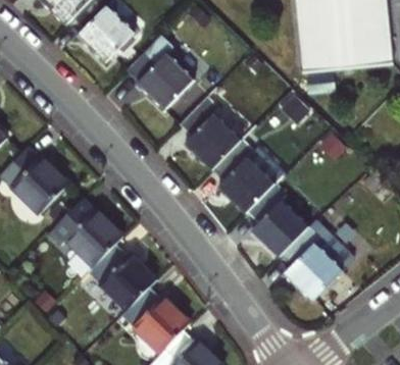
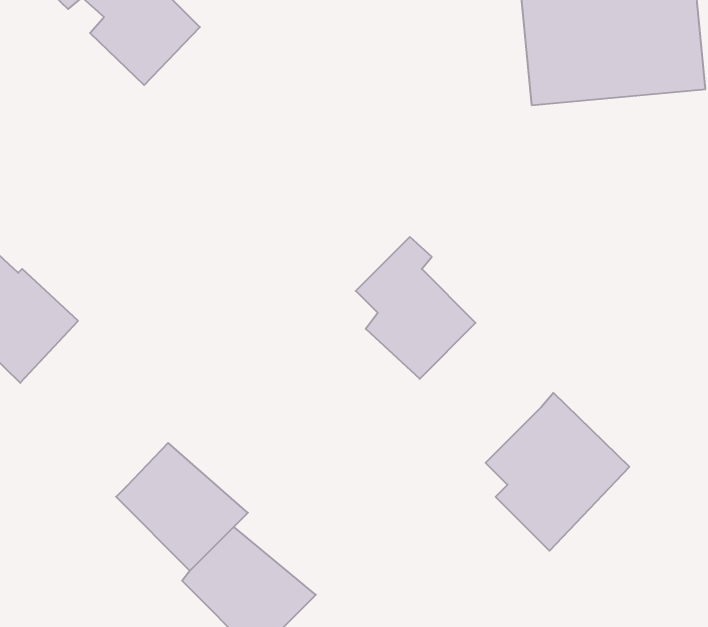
building: [127,35,194,109] -> none
building: [179,96,241,169] -> none
building: [246,184,308,257] -> none
building: [56,201,124,267] -> none

